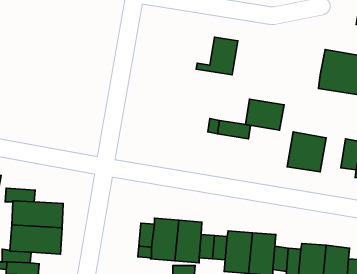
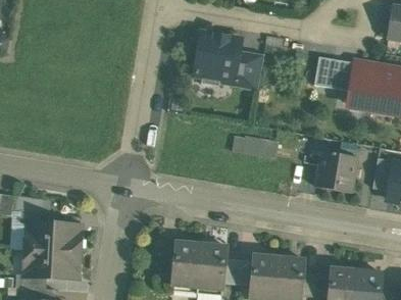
building: none -> [195,31,242,86]
building: [246,99,284,130] -> [315,57,356,90]

